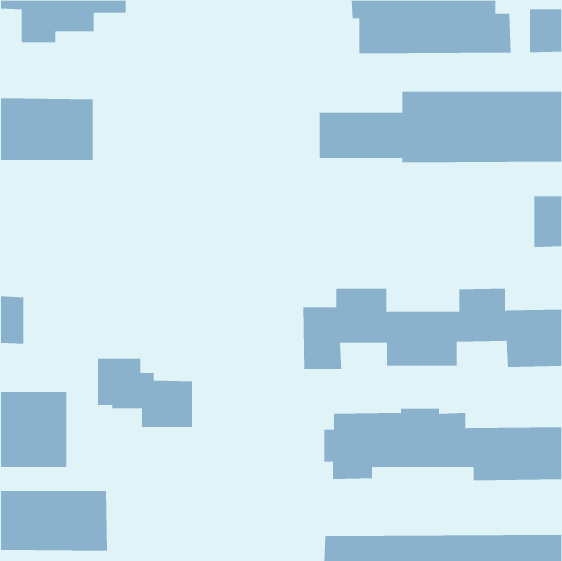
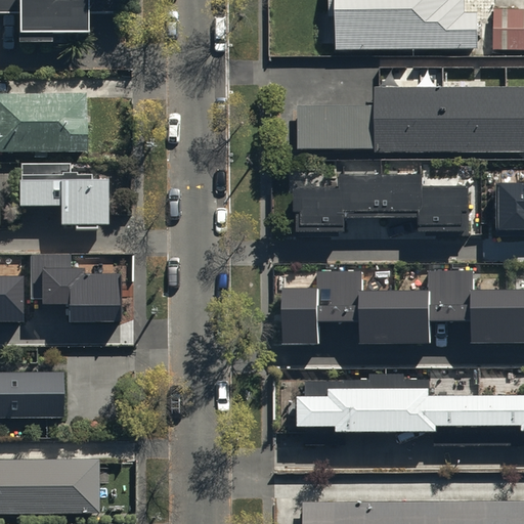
building: none -> [19,163,107,227]
building: none -> [295,172,466,238]
building: [97,358,193,427] -> [32,256,121,320]

